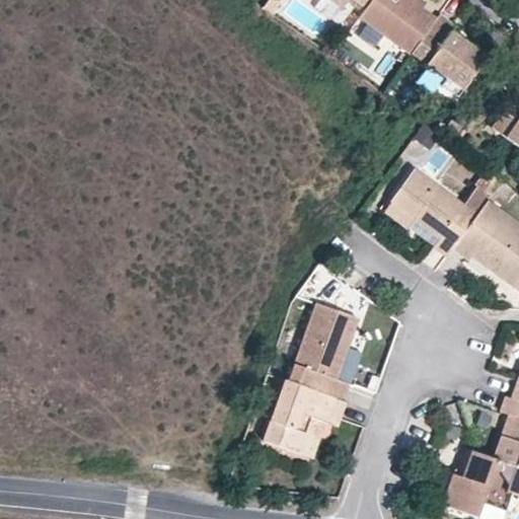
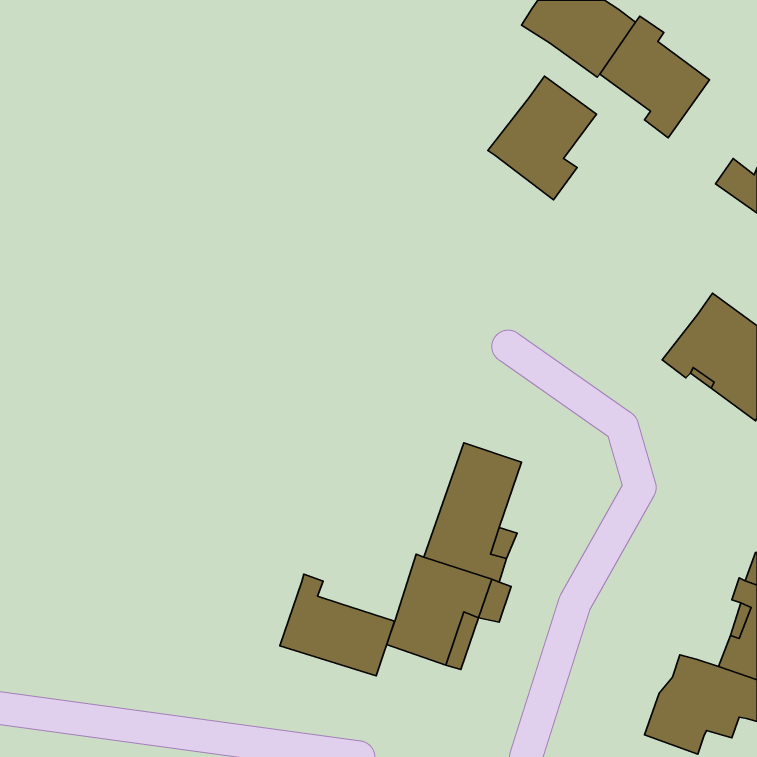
building: none -> [488,76,597,200]
building: [384,169,477,254] -> none
building: none -> [280,574,394,676]

